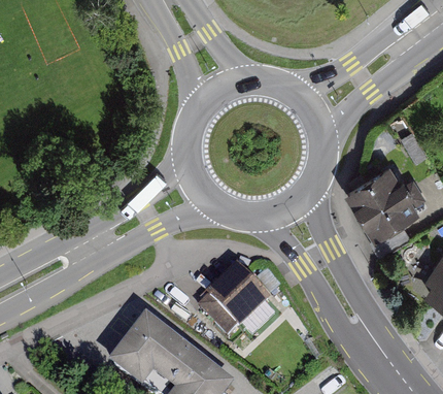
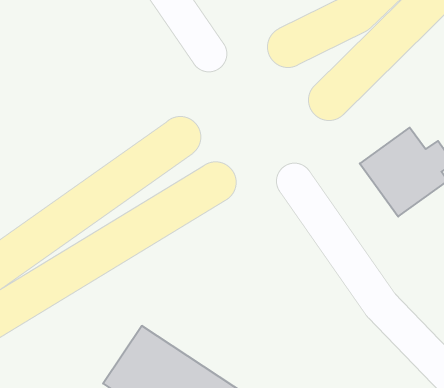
building: [202,269,270,336] -> none

